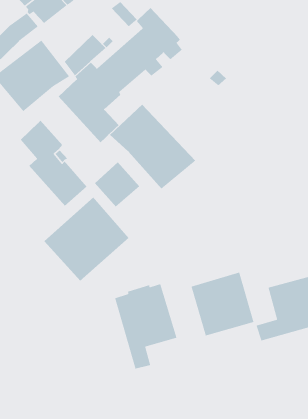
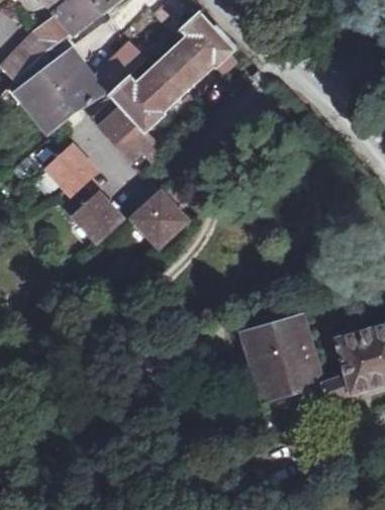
building: [109,104,196,189] -> none
building: [44,197,130,282] -> none
building: [114,283,178,370] -> none

